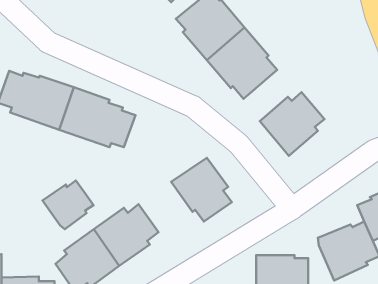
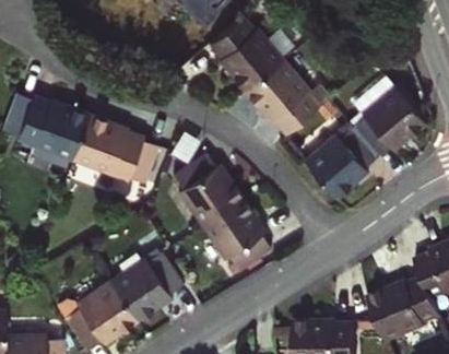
building: none -> [348,72,423,156]
building: none -> [172,154,241,227]
building: [43,180,94,229] -> none

